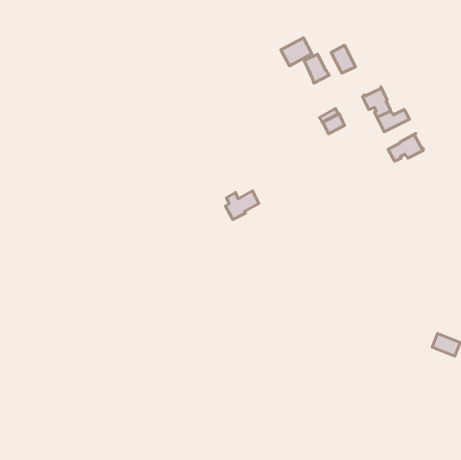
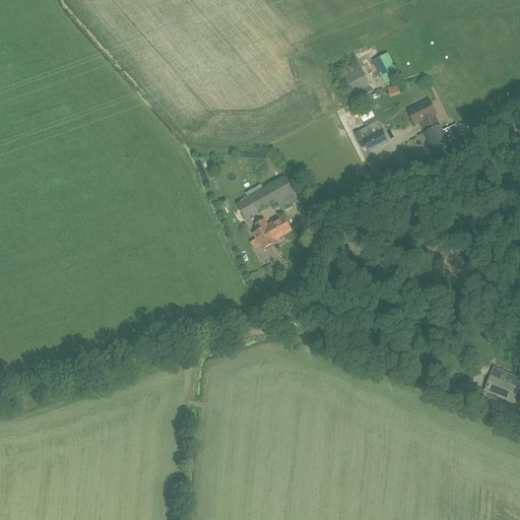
building: [281,38,312,66] -> none
building: [388,134,423,161] -> none
building: none -> [237,175,300,218]

